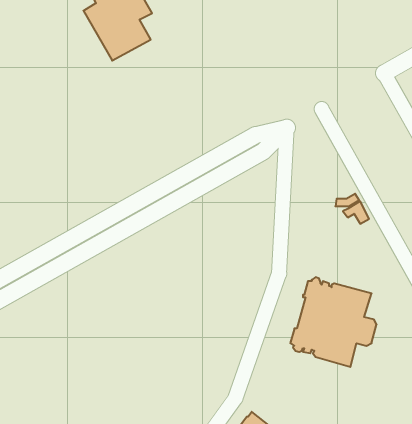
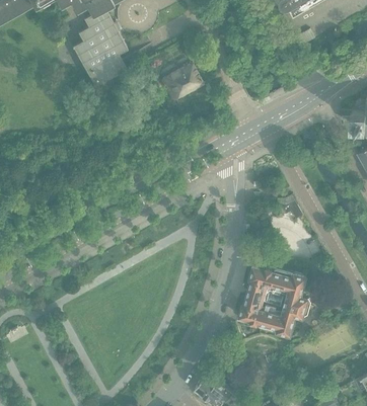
building: none -> [163,66,204,103]

